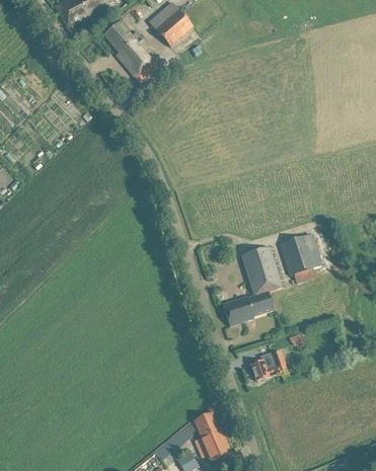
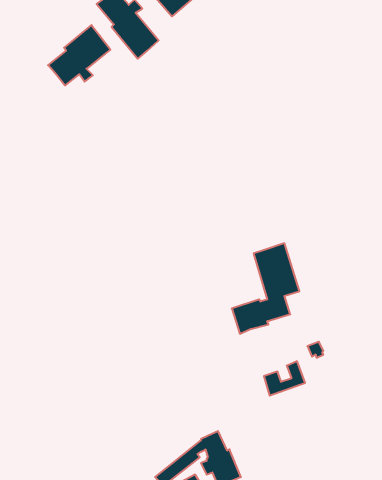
building: none -> [48,25,110,85]
building: [279,234,322,284] -> none

